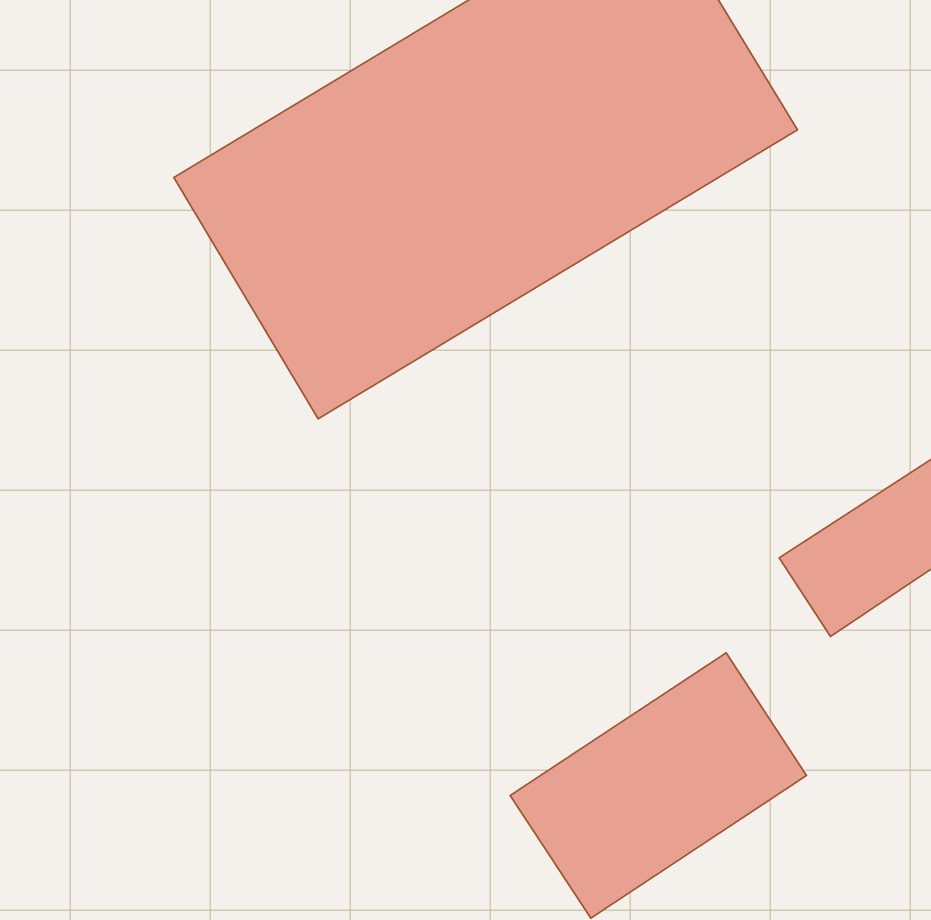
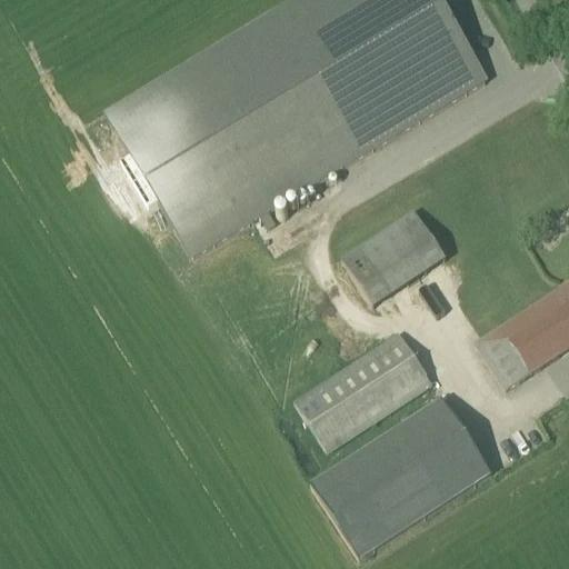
building: none -> [343,209,447,305]
building: none -> [293,329,435,452]

